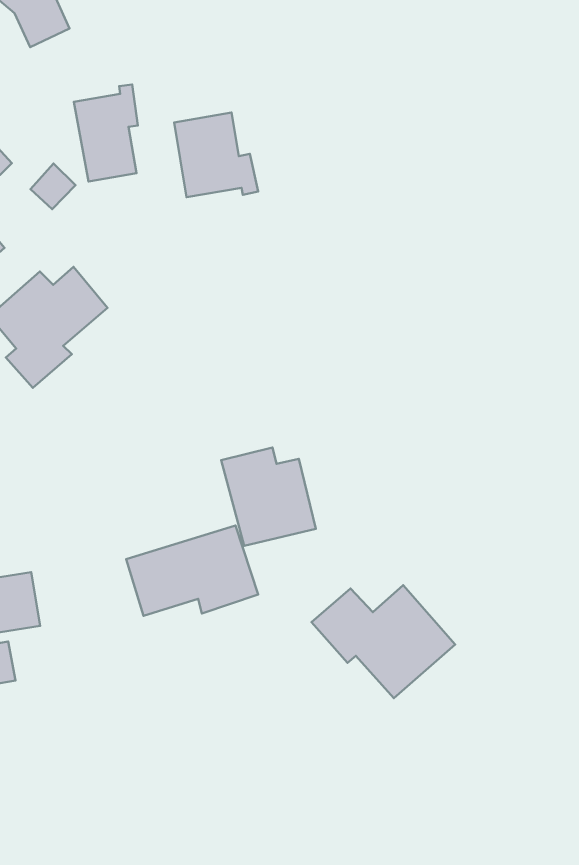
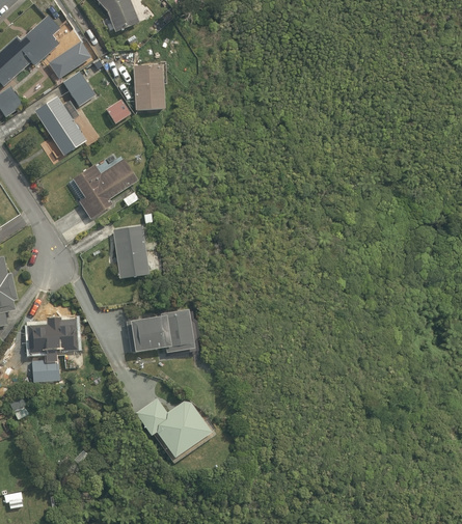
building: [174,113,258,197] -> none
building: [221,447,316,546] -> [113,226,160,278]
building: [312,585,455,698] -> [134,395,211,459]

